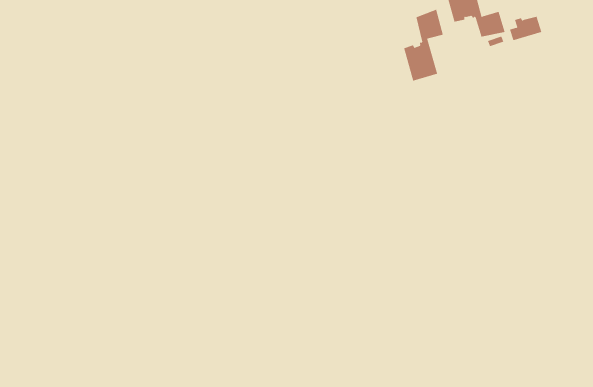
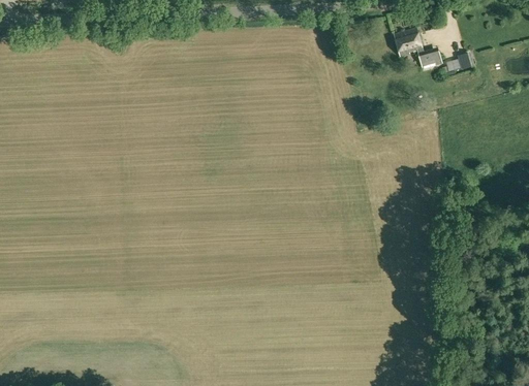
building: [404,9,443,82] -> none

